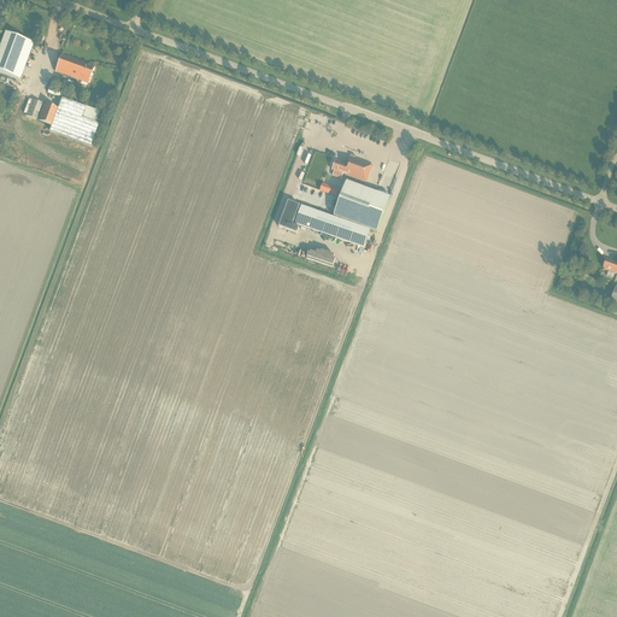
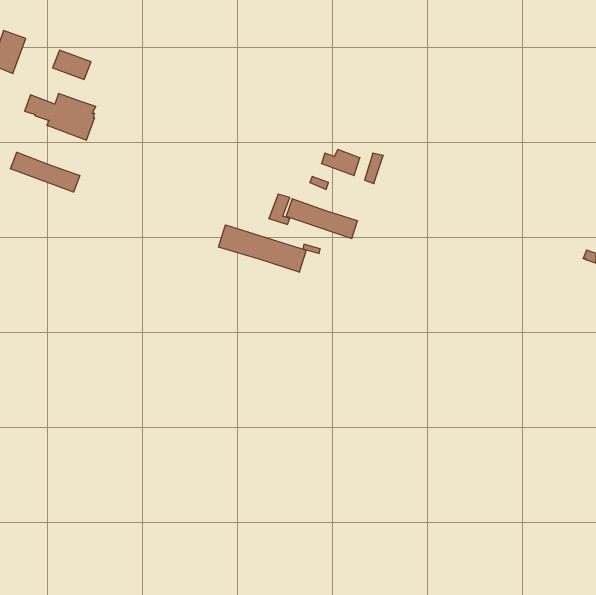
building: none -> [11,152,80,192]
building: [333,180,389,230] -> none
building: none -> [219,225,306,272]

